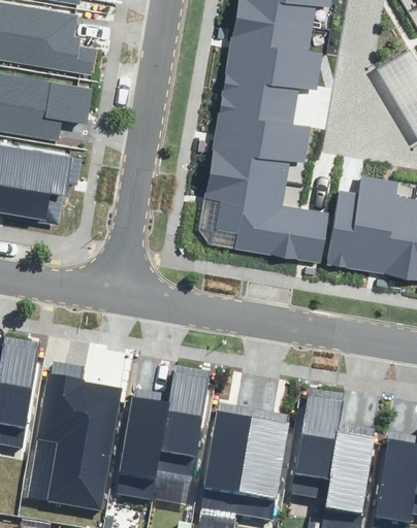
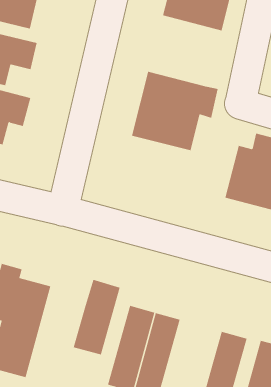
building: [219,37,324,122] -> none
building: [199,193,330,263] -> none
building: [294,389,348,484] -> none
building: [116,406,165,513] -> none

